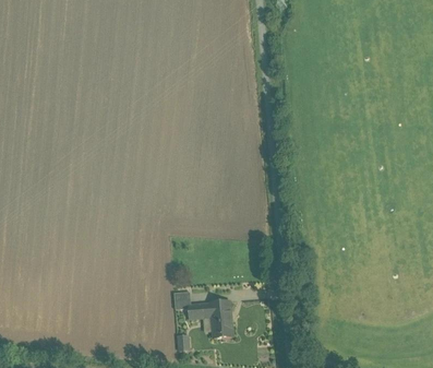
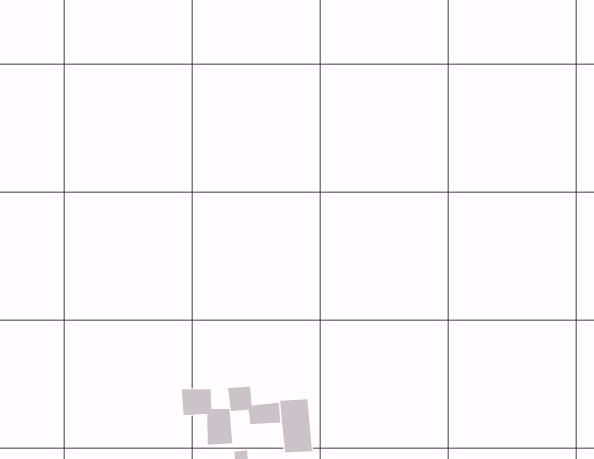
building: none -> [181,389,233,445]

